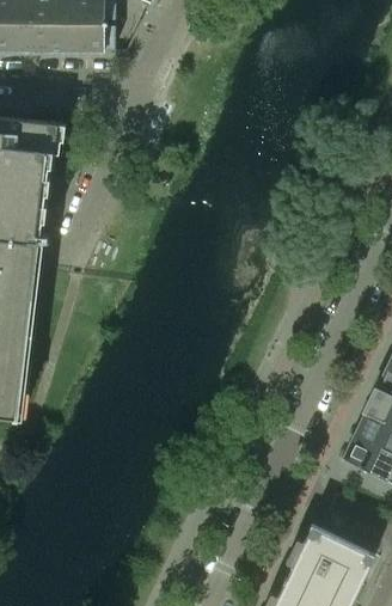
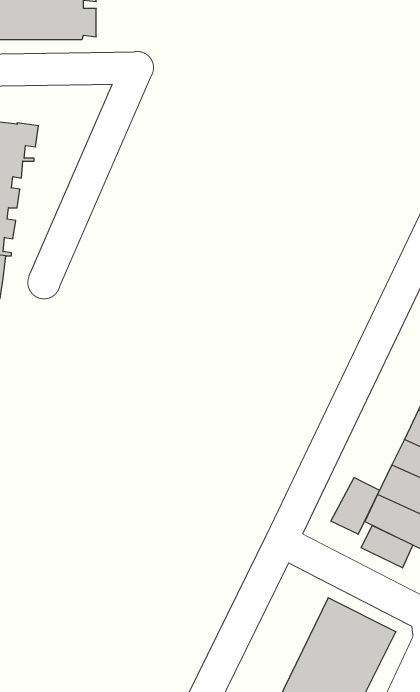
building: none -> [331,478,380,534]
building: none -> [361,526,413,568]

